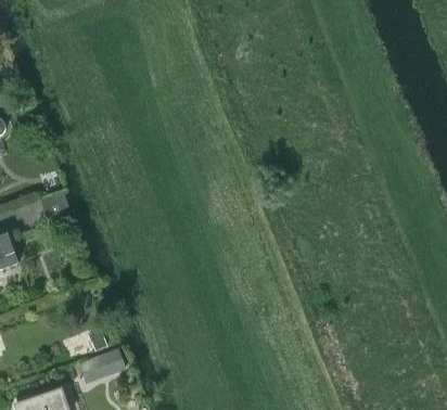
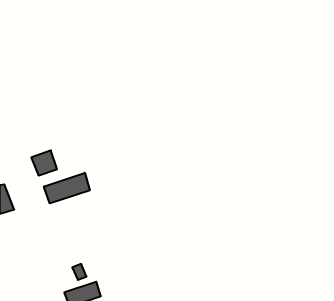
building: none -> [44,173,90,203]

